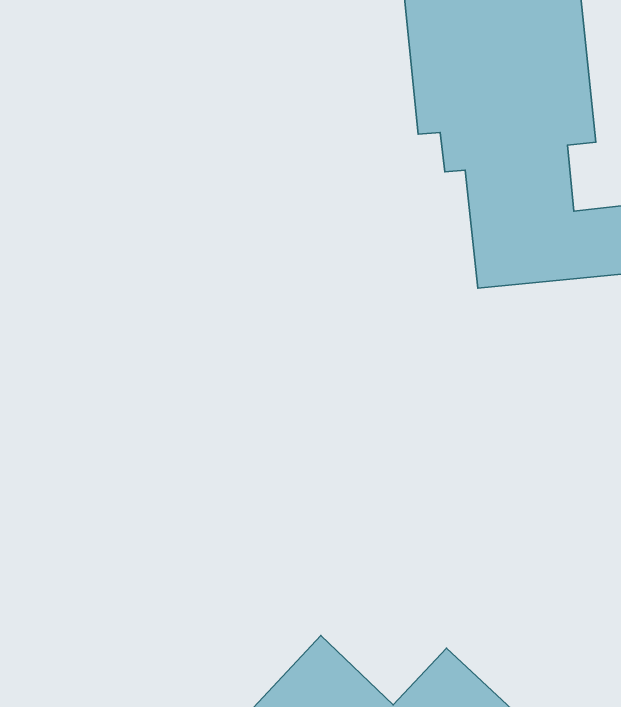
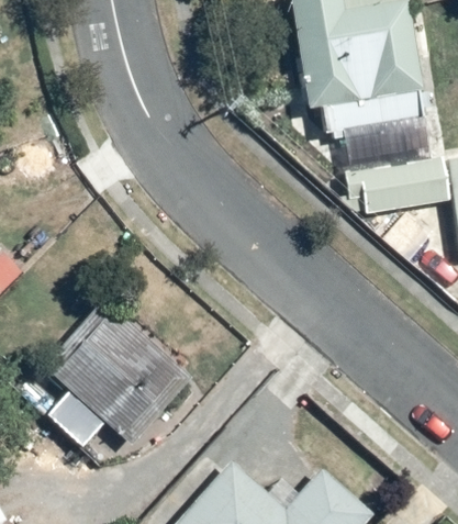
building: none -> [32,288,196,448]

